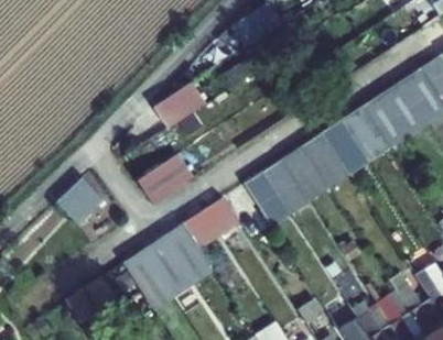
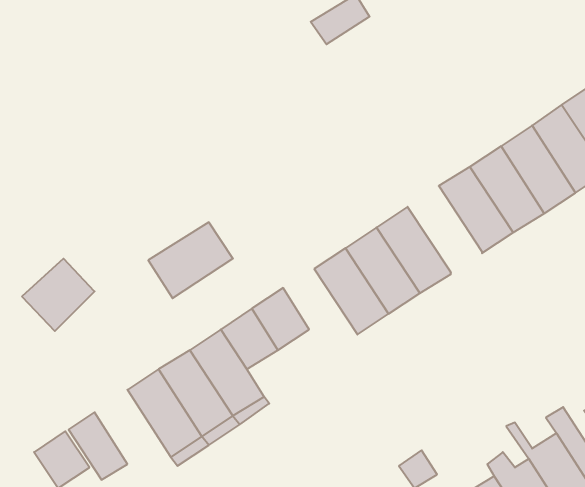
building: [154,83,206,128] -> none
building: [303,131,350,186] -> none

